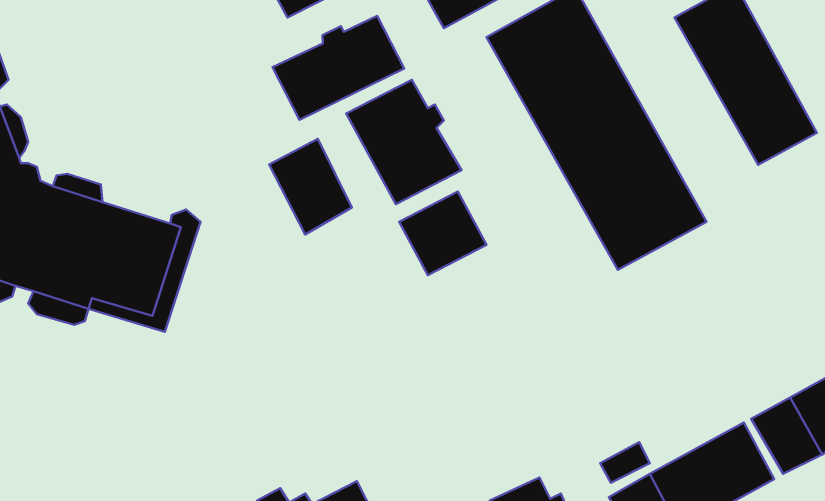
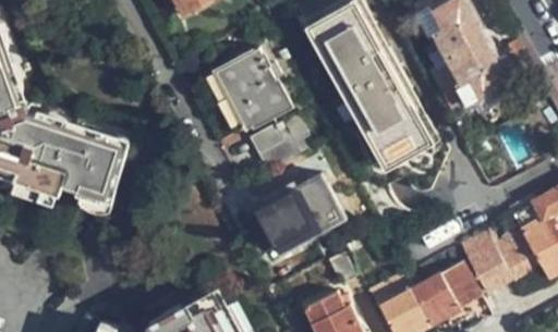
building: [272,16,404,120] -> none
building: [269,139,352,234] -> none
building: none -> [257,176,339,248]

